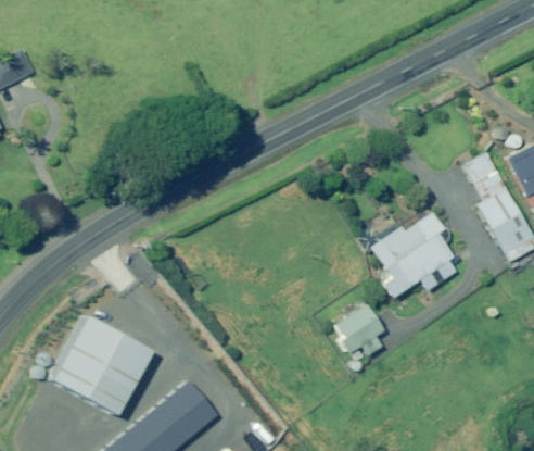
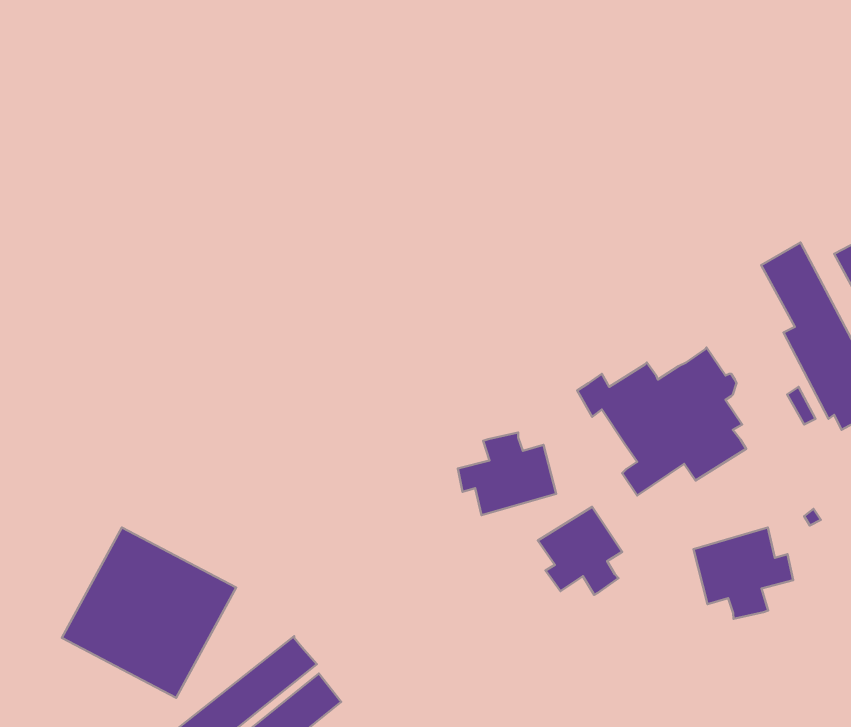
building: none -> [458,432,556,515]
building: none -> [693,528,793,619]

